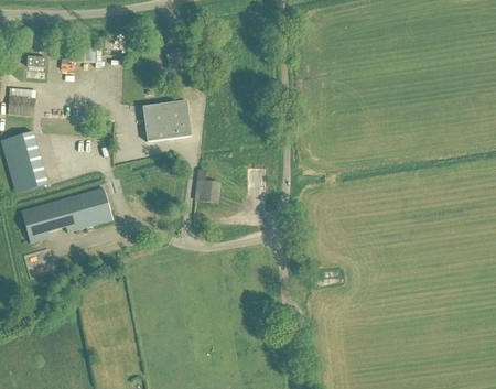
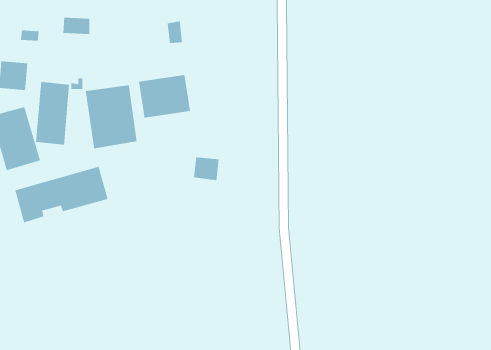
building: none -> [36,81,70,145]
building: none -> [85,84,137,149]

